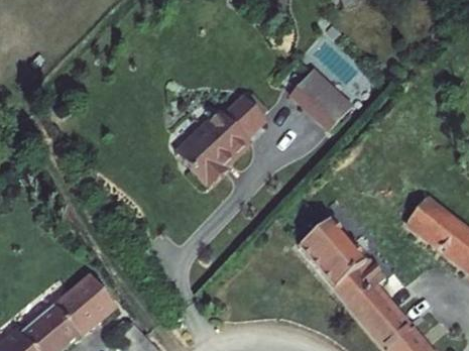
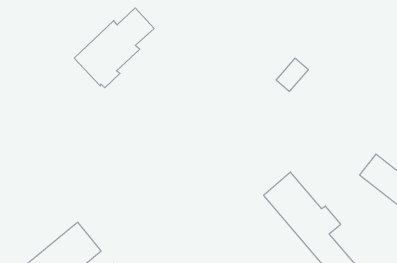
building: [288,68,334,113] -> none
building: [175,95,265,185] -> [74,8,154,88]

